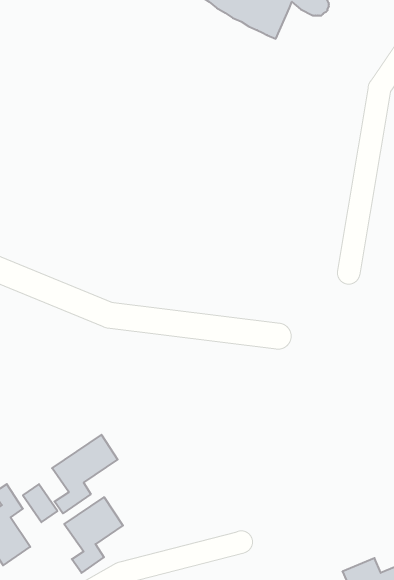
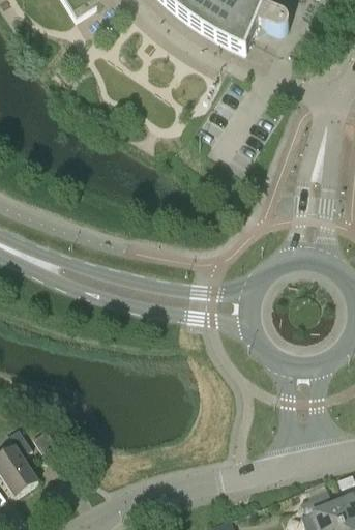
building: [52,435,118,513] -> none
building: [64,497,123,573] -> none

